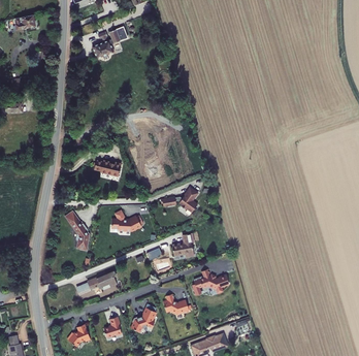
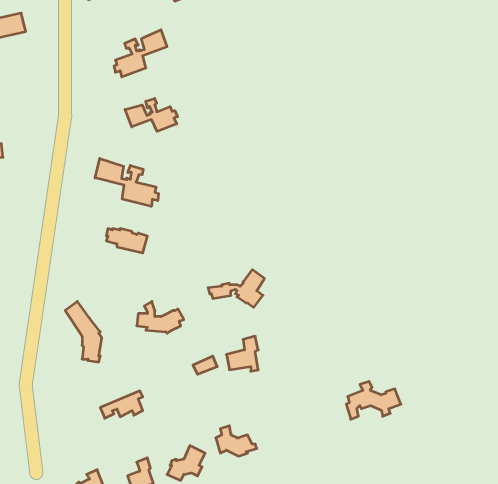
building: none -> [125,98,178,131]
building: none -> [95,158,159,206]
building: [193,268,230,294] -> [346,381,401,419]

